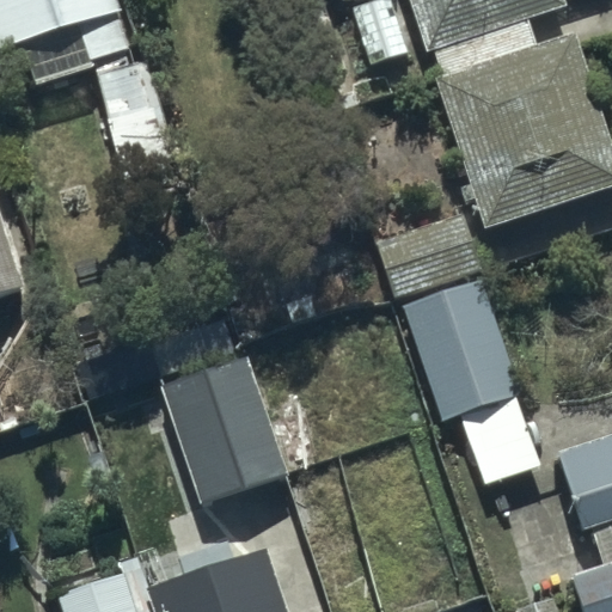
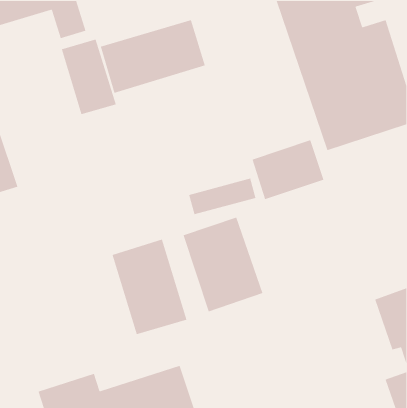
building: none -> [100,19,206,94]
building: [403,277,524,421] -> [183,217,263,313]

